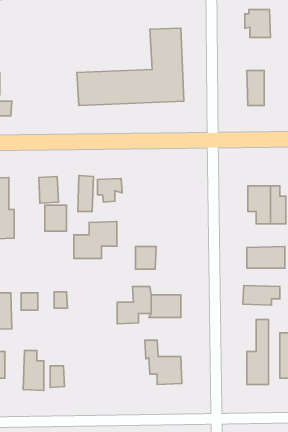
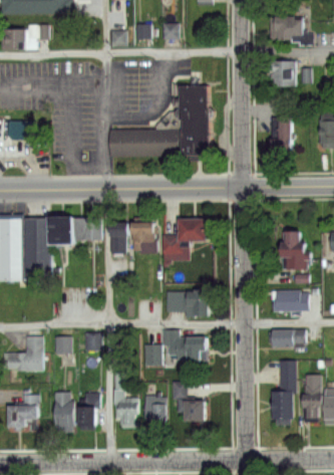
building: [45,205,67,231] -> [46,226,67,251]
building: [74,221,117,258] -> [159,221,202,257]
building: none -> [184,290,212,317]
building: none -> [113,372,140,429]
building: none -> [147,393,164,421]

